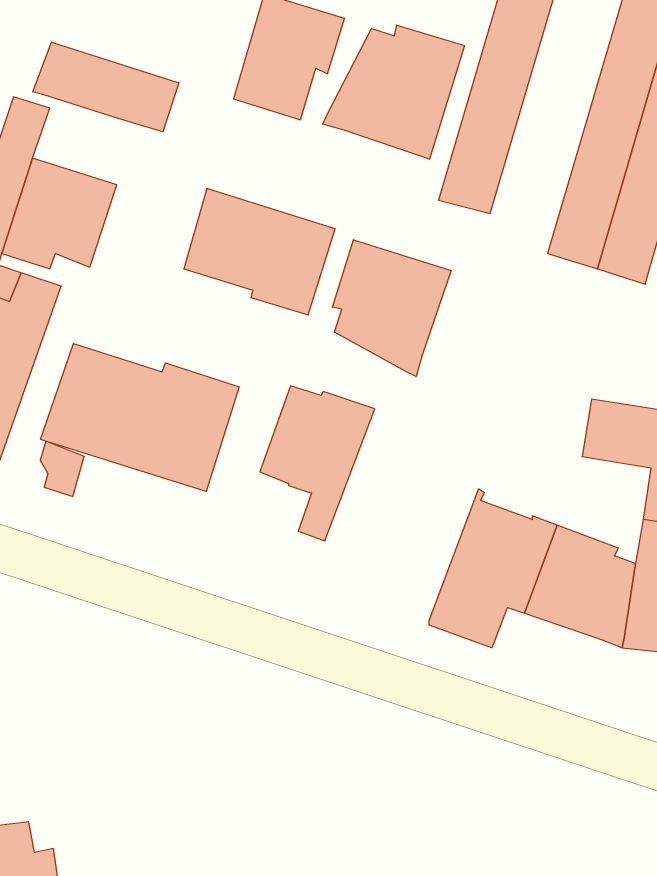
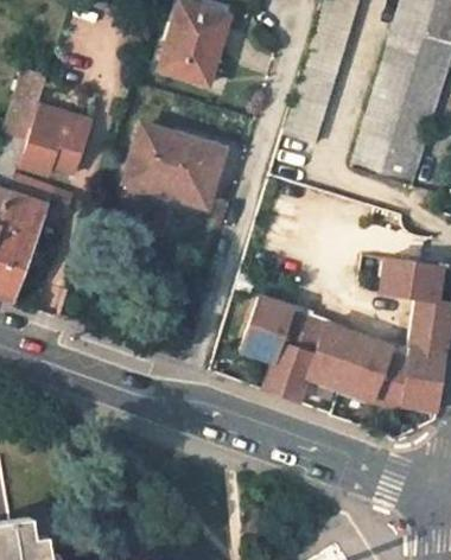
building: [323,25,465,159] -> none
building: [33,42,179,132] -> none
building: [333,240,451,377] -> none
building: [40,343,239,491] -> none
building: [260,386,375,541] -> [240,298,311,394]

